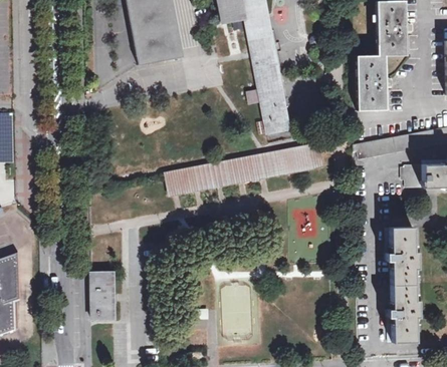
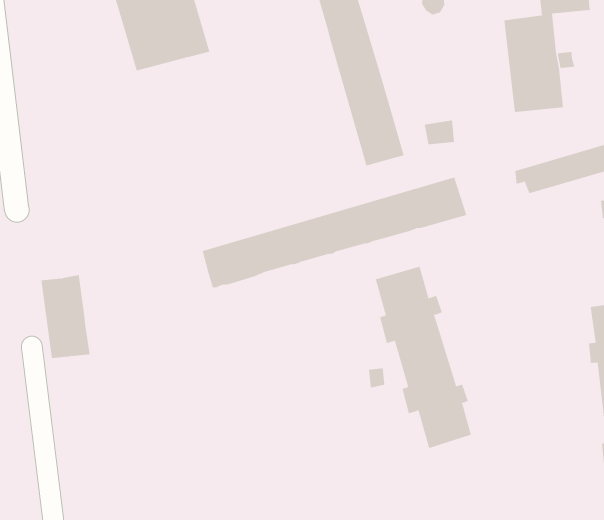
building: none -> [375,266,471,449]
building: [90,271,116,318] -> [40,275,91,358]

